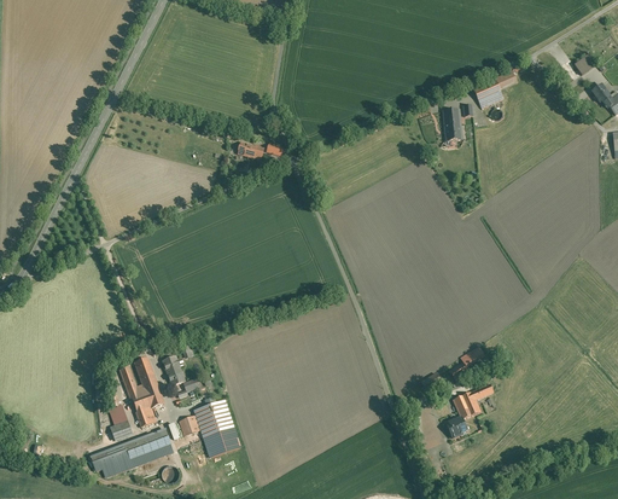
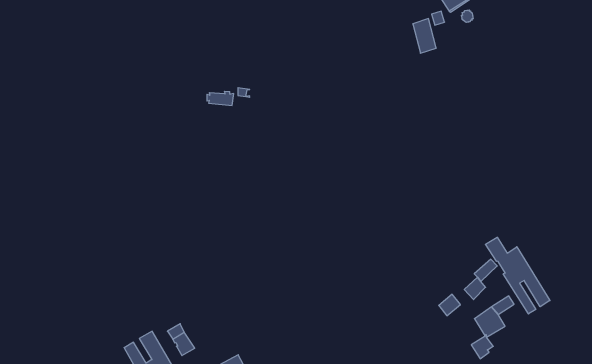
building: none -> [485,237,550,314]

